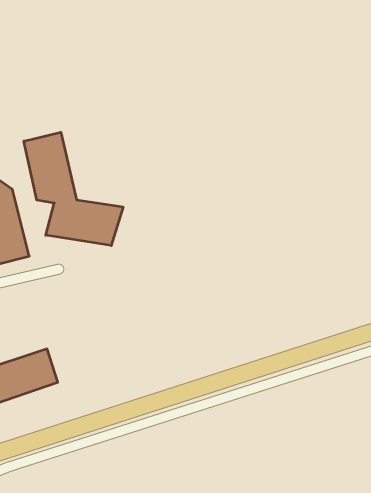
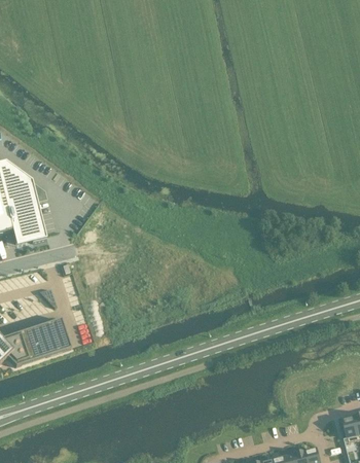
building: [24,132,123,246] -> none

